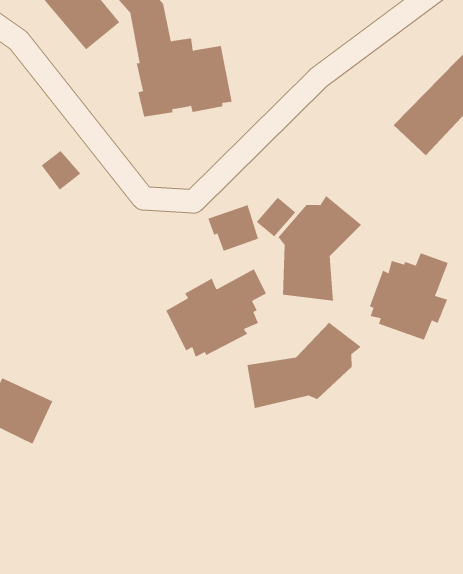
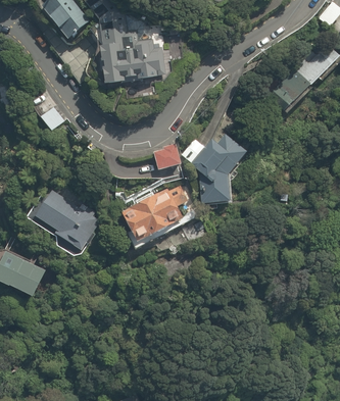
building: [369,253,449,341] -> none
building: none -> [36,191,102,250]
building: [247,322,362,409] -> none

